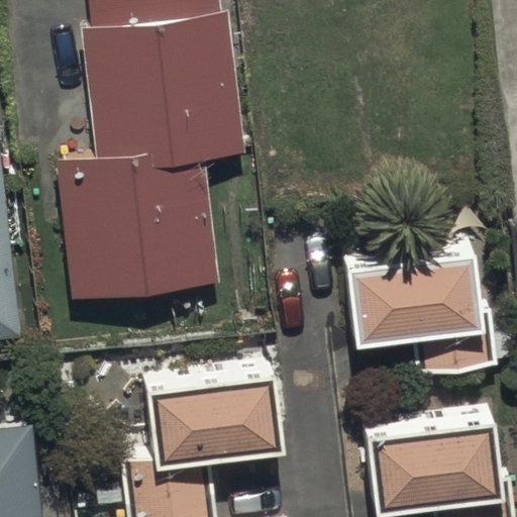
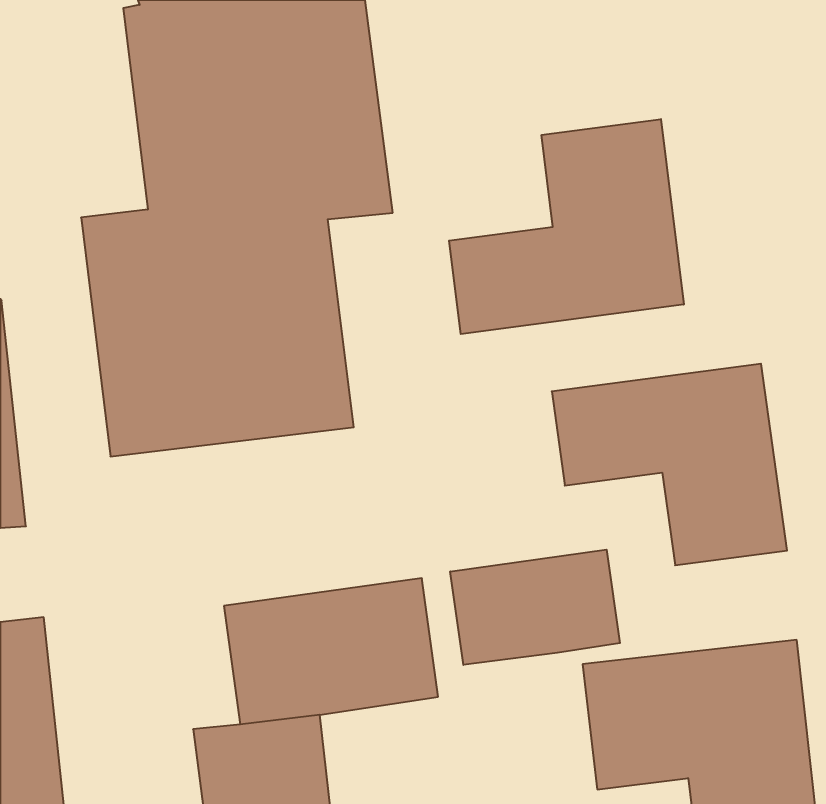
building: none -> [449,119,684,334]
building: none -> [450,550,620,665]

